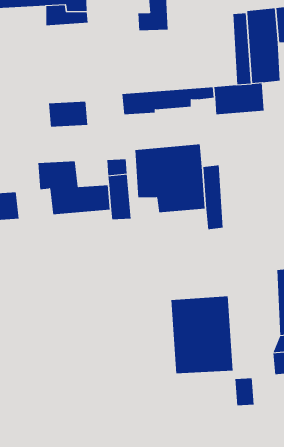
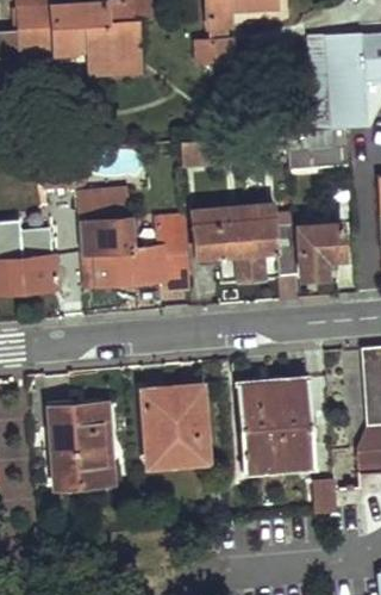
building: [48,101,88,127] -> [77,191,125,222]
building: none -> [300,221,344,279]
building: none -> [143,385,205,460]
building: none -> [46,403,114,490]

